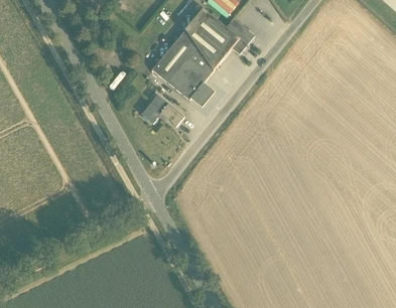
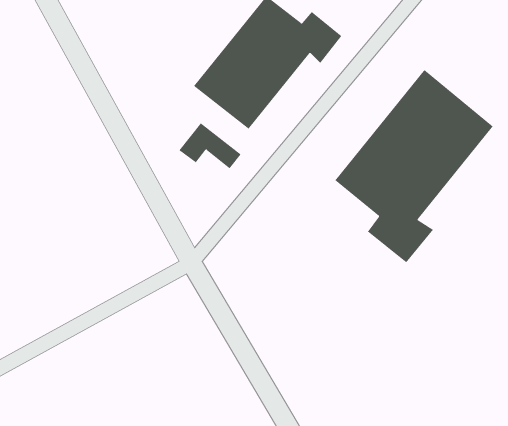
building: none -> [335,69,494,263]

